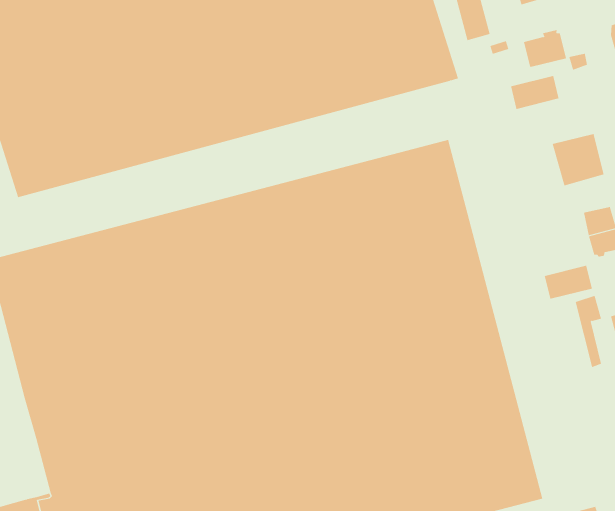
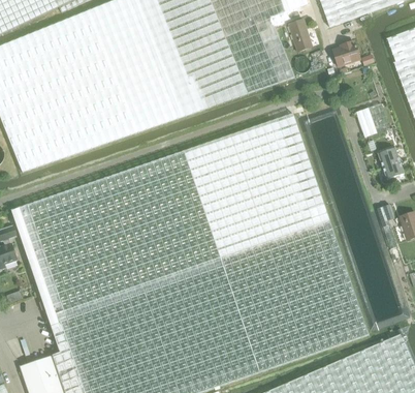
building: [510,75,559,110] -> none
building: [544,265,592,300] -> none

